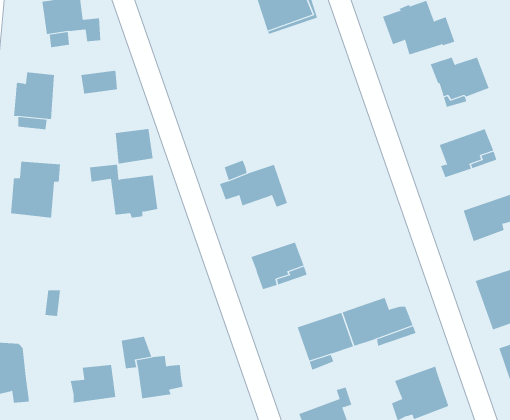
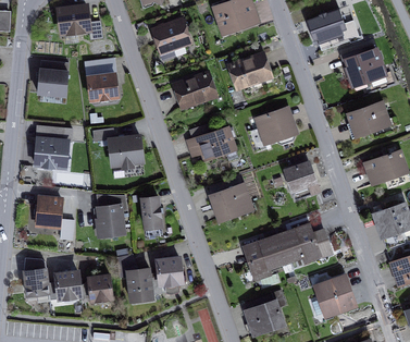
building: none -> [152,20,189,59]
building: none -> [228,53,271,89]
building: none -> [173,73,215,108]
building: [115,128,154,164] -> [88,74,116,100]
building: none -> [248,109,297,152]
building: none -> [285,162,318,199]
building: none -> [96,195,126,235]
building: none -> [141,196,161,236]
building: none -> [36,197,61,227]
building: none -> [157,257,182,292]
building: none -> [47,271,80,300]

